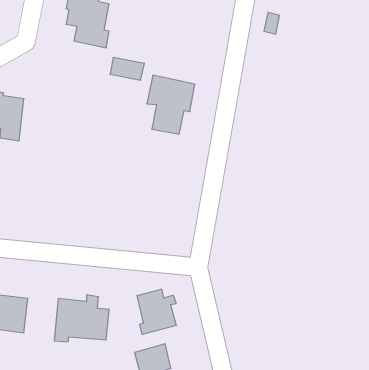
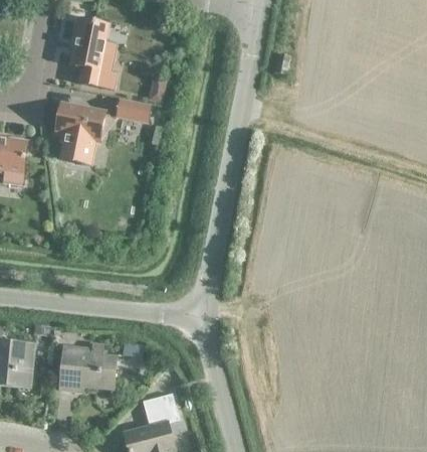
building: [147,75,195,134] -> [55,103,104,163]
building: [137,289,176,334] -> none

